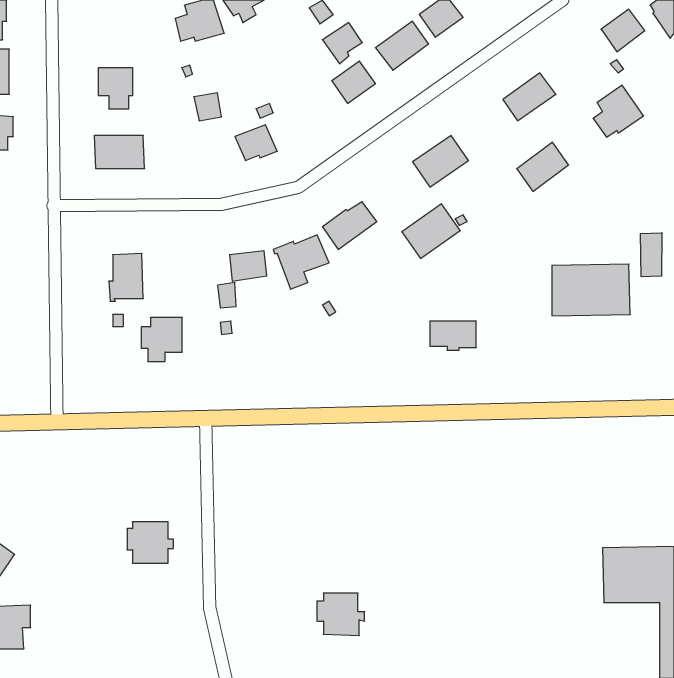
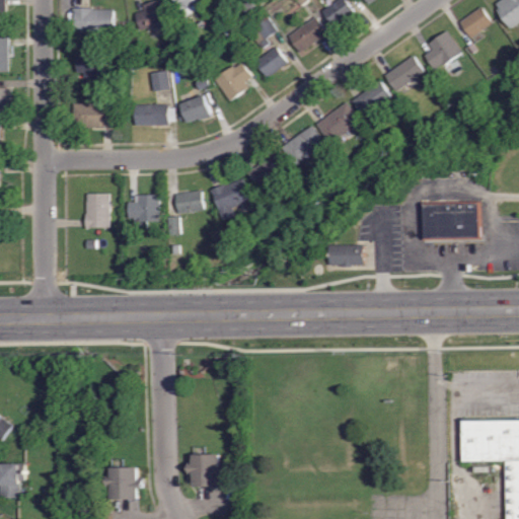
building: none -> [71,7,113,33]
building: none -> [213,63,251,102]
building: [593,85,644,137] -> [424,30,462,70]
building: none -> [134,104,172,127]
building: [517,142,569,191] -> [352,80,391,118]
building: [402,204,460,258] -> [281,126,325,167]
building: [641,233,662,277] -> none
building: [141,318,182,361] -> [128,196,159,229]
building: [127,522,173,563] -> [104,466,140,498]
building: [317,593,365,636] -> [186,453,222,486]

